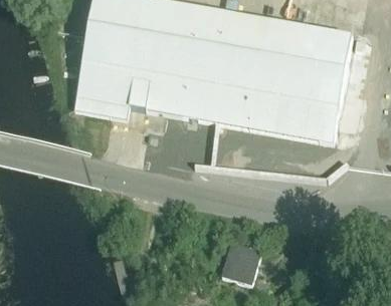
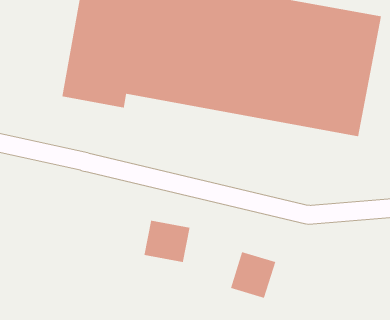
building: none -> [144,220,190,263]

